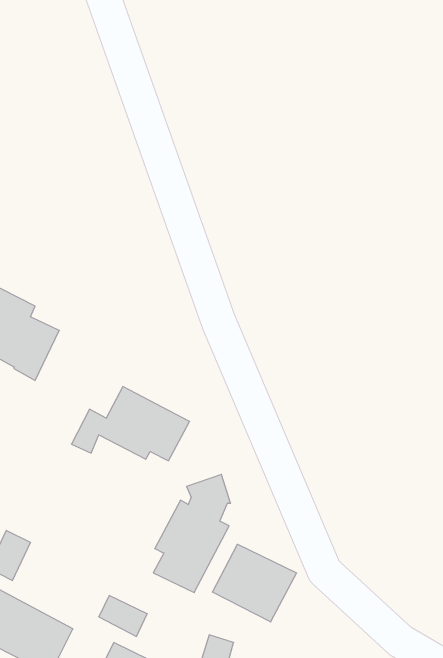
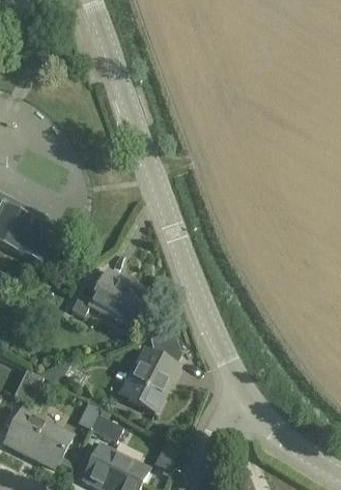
building: [212,544,297,622] -> none

